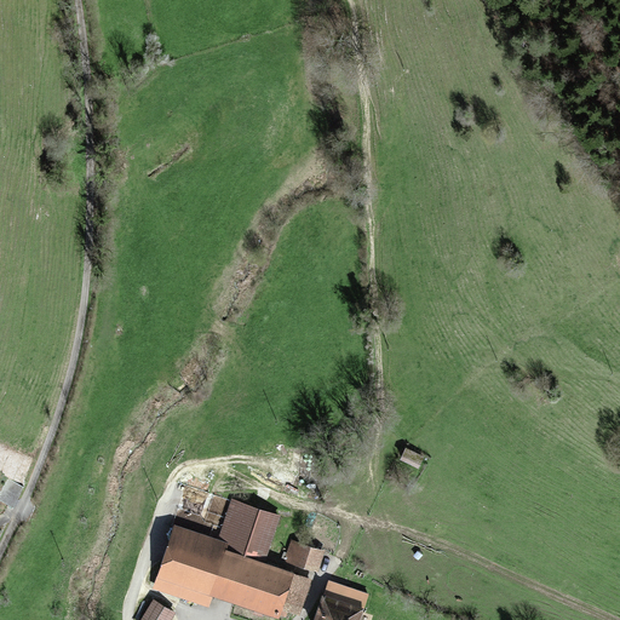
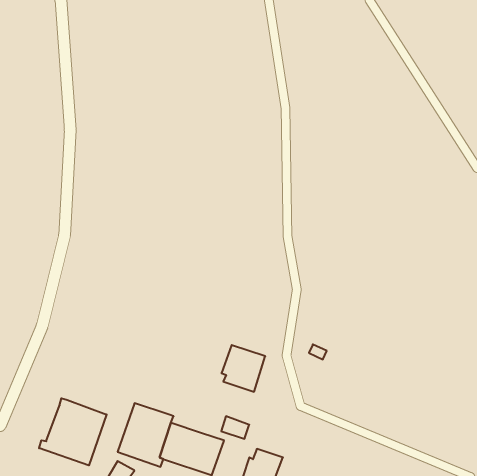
building: [219,503,276,563] -> [221,345,265,392]
building: none -> [39,398,107,465]
building: [279,573,309,613] -> none

